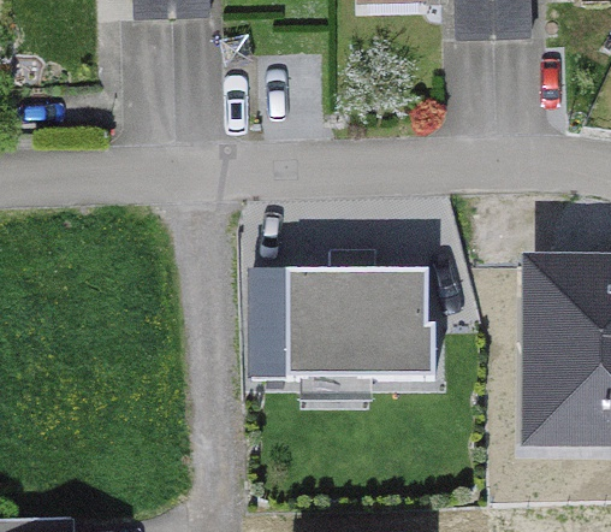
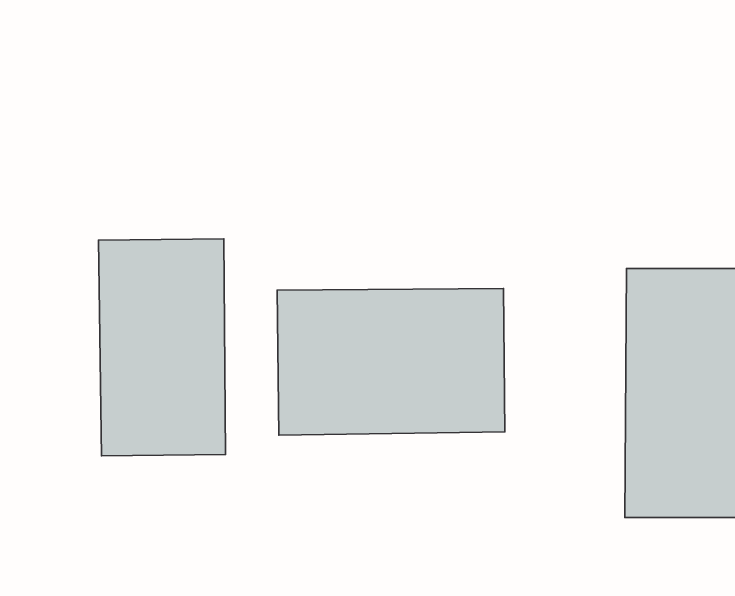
building: none -> [98,239,226,456]

